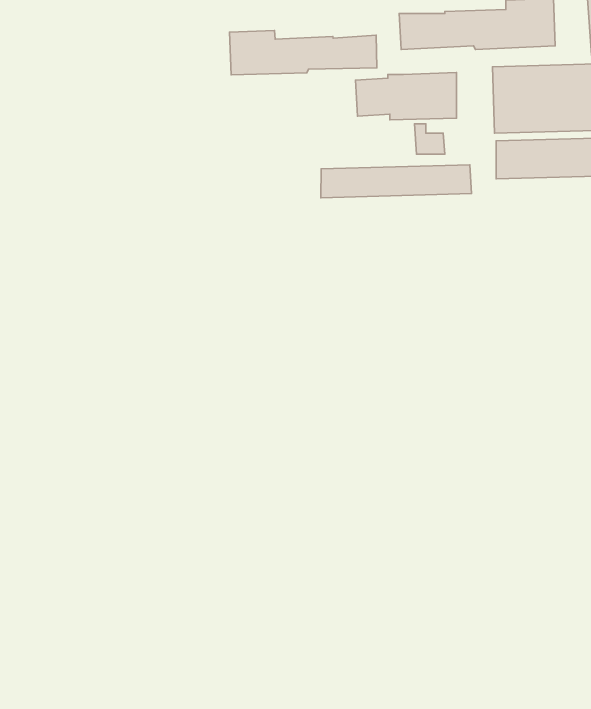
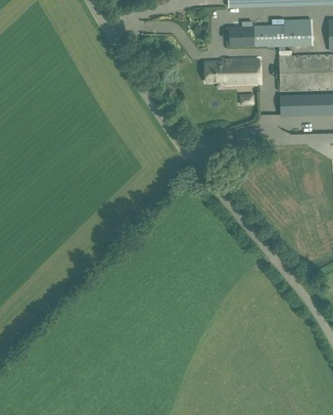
building: [230,30,377,75] -> none
building: [321,165,472,198] -> none

